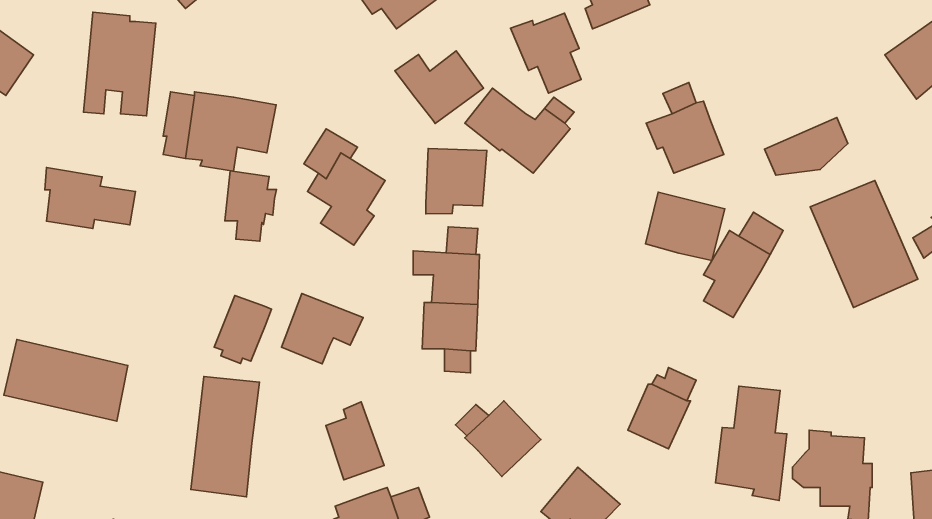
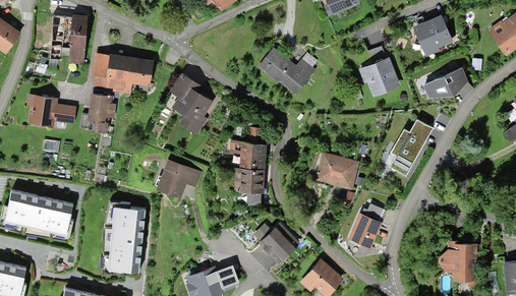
building: [510,13,581,93] -> none
building: none -> [412,13,453,57]
building: [395,51,484,124] -> none
building: [426,148,487,214] -> none
building: [225,171,276,241] -> [88,94,116,132]
building: [810,181,918,307] -> none
building: [645,192,725,260] -> [316,152,359,189]
building: [214,295,271,364] -> none
building: [716,386,787,501] -> none
building: [326,402,384,480] -> none

